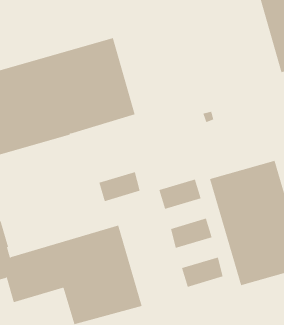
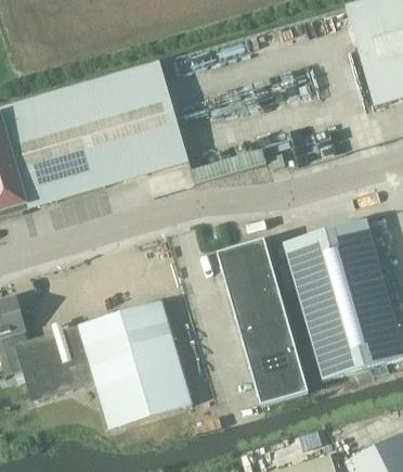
building: [98,171,141,202] -> [224,266,278,305]
building: none -> [238,316,294,355]
building: none -> [253,366,308,405]

